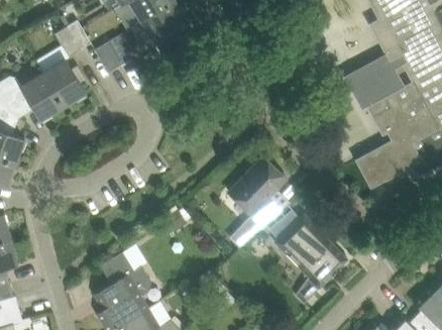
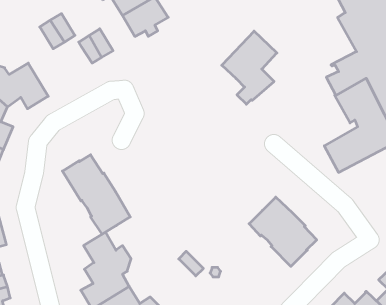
building: [40,59,85,107] -> none
building: [227,155,286,233] -> [222,31,277,104]
building: none -> [62,155,130,234]

